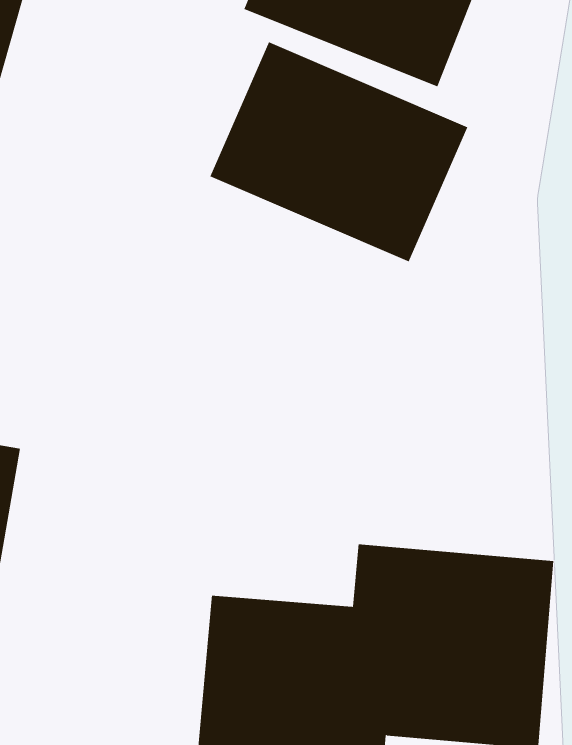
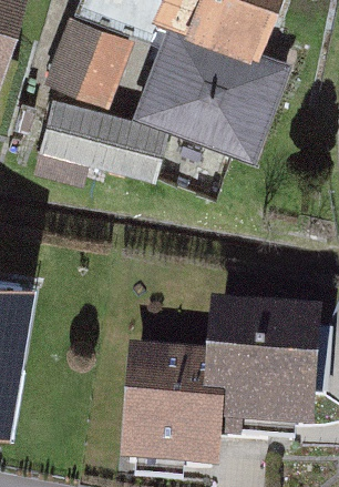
building: none -> [41,20,134,108]
building: none -> [31,105,157,179]

